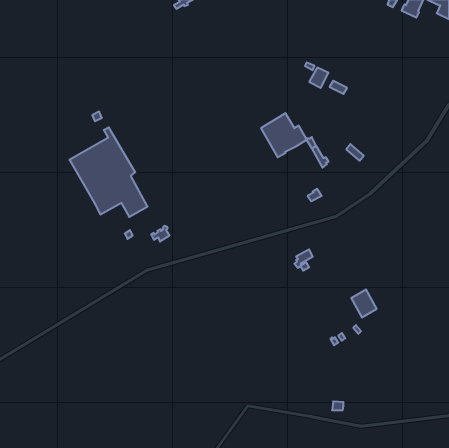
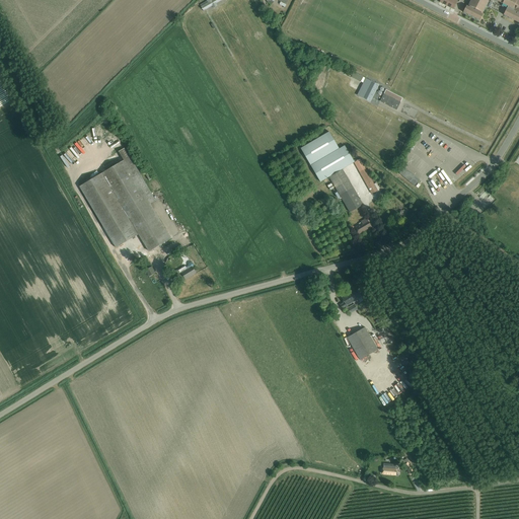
building: none -> [328,168,363,211]
building: [351,289,377,317] -> [348,326,377,359]

